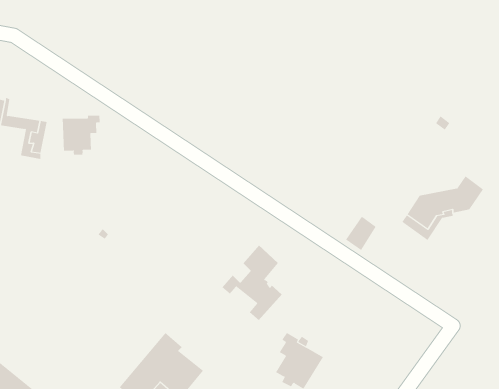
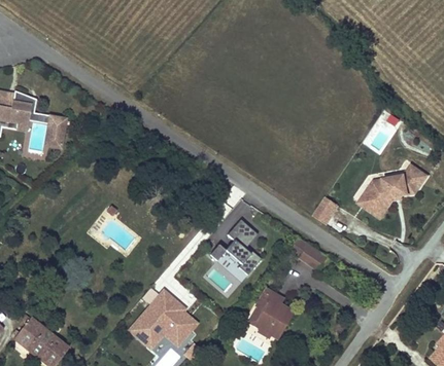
building: [62,115,100,156] -> none
building: none -> [298,243,328,270]

